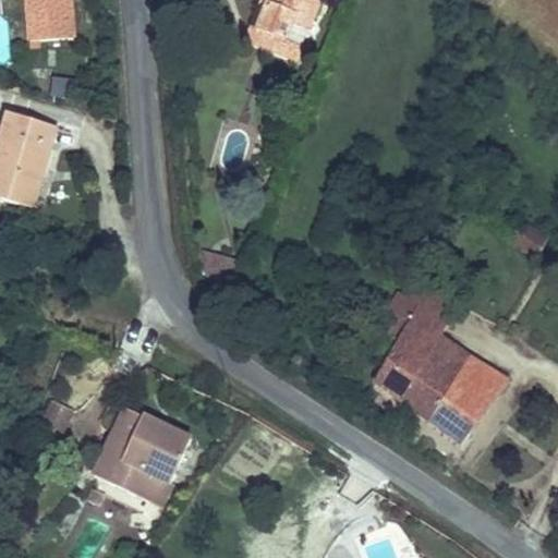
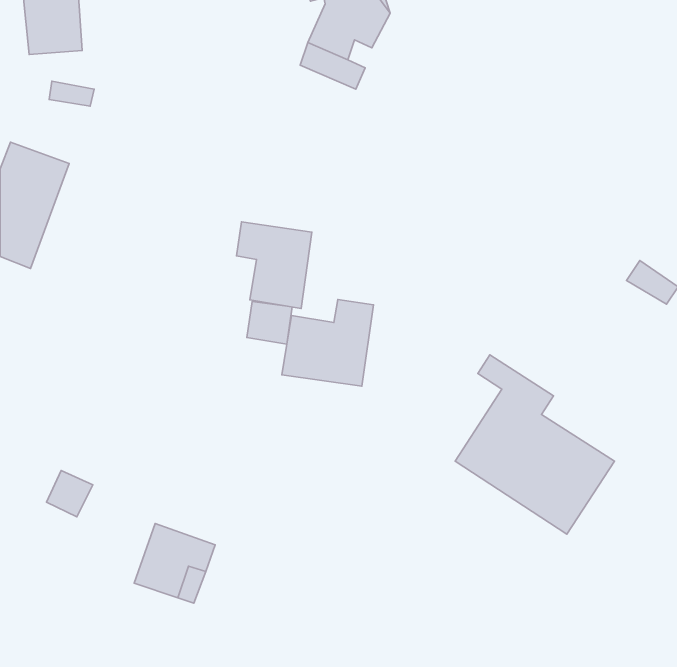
building: none -> [237,222,312,308]
building: none -> [282,300,374,386]
building: [90,399,185,478] -> none

